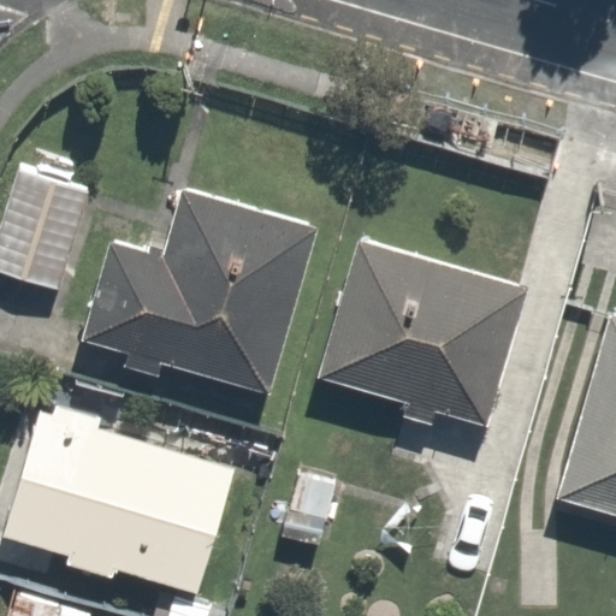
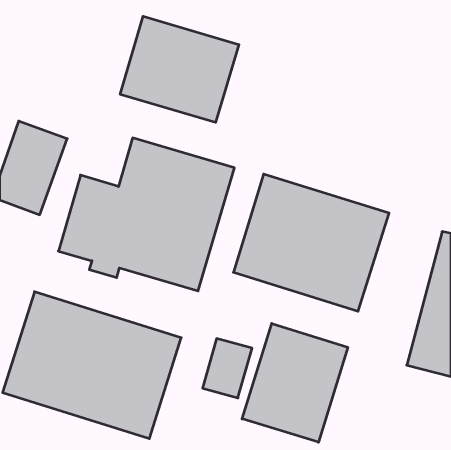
building: none -> [120,16,239,122]
building: none -> [242,323,348,442]

